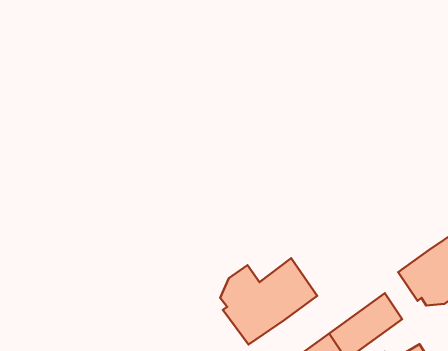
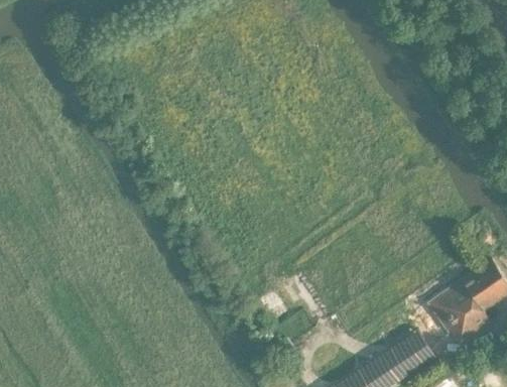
building: [220,258,317,345] -> none

